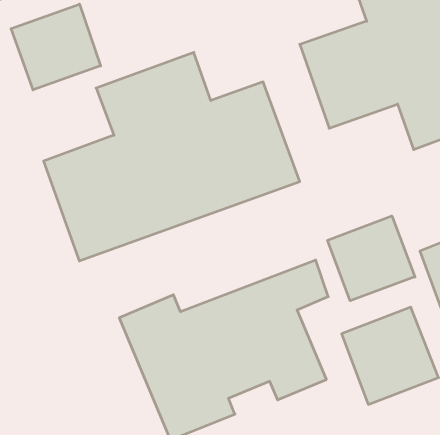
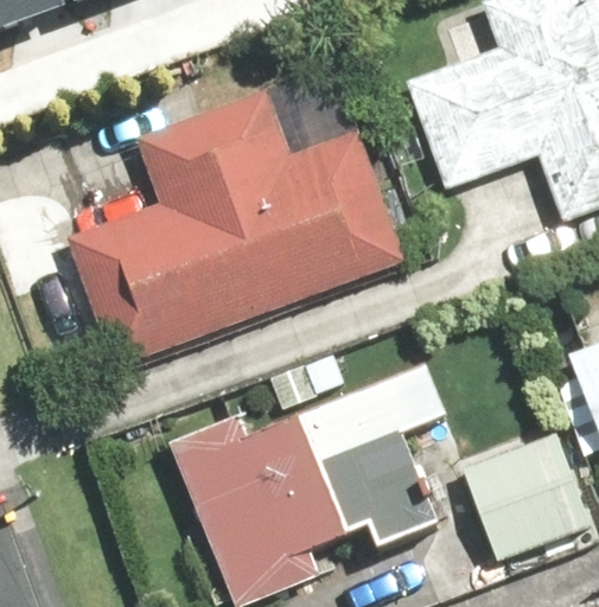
building: [11,4,101,90] -> none
building: [328,216,415,301] -> none

